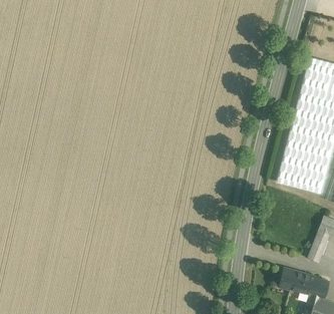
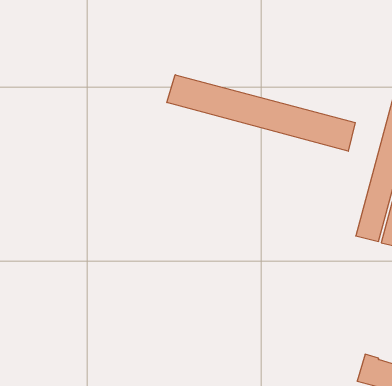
building: none -> [167,75,355,151]

